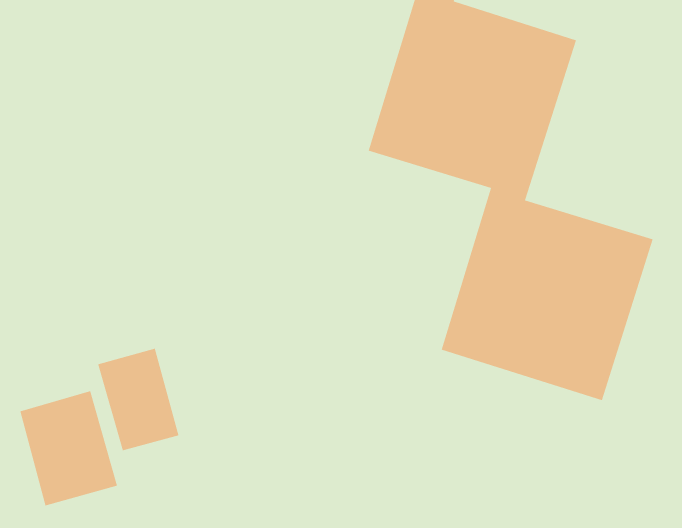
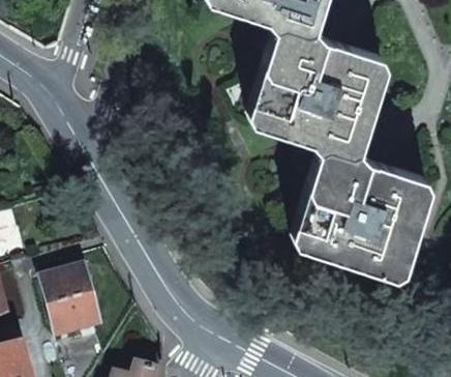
building: [97,348,179,451] -> none

